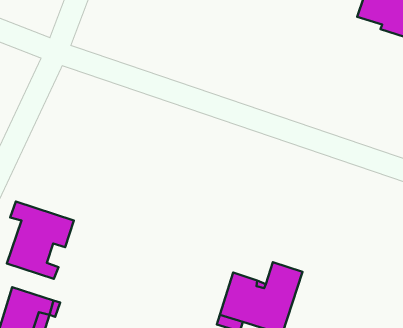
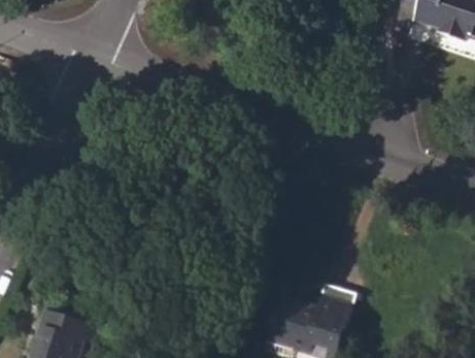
building: [7,202,74,279] -> none

